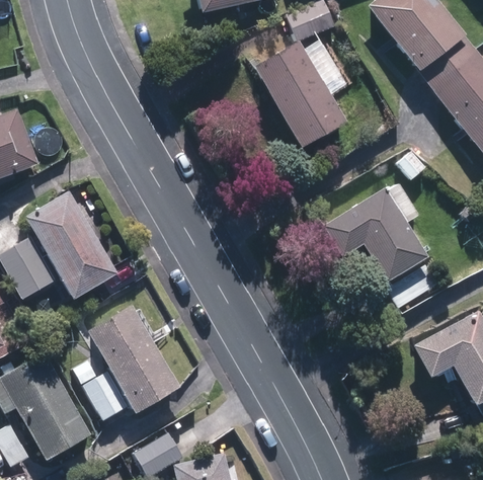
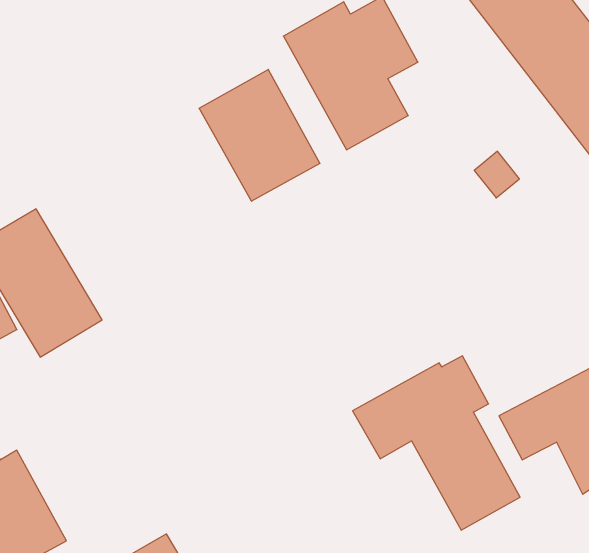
building: none -> [199,69,320,201]
building: [319,181,442,310] -> [353,356,520,530]
building: [82,308,181,422] -> none

